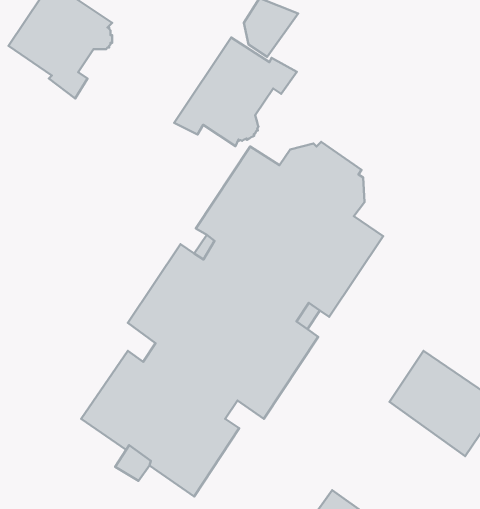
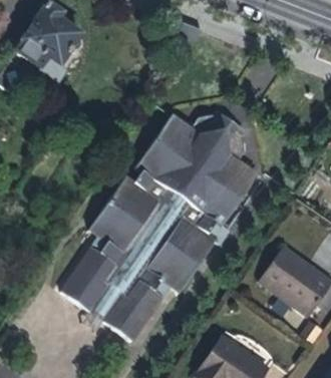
building: [174,37,297,146] -> none

